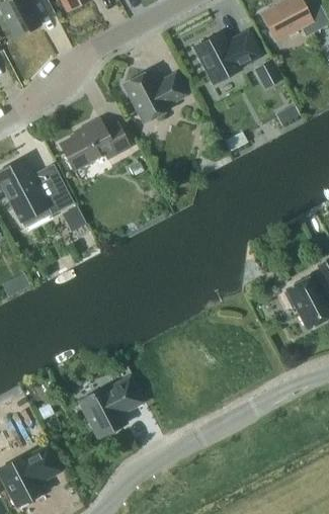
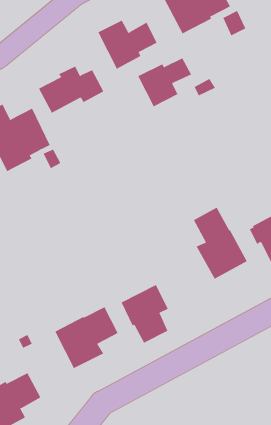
building: none -> [137,57,192,107]
building: none -> [193,207,247,279]
building: none -> [121,284,169,343]

